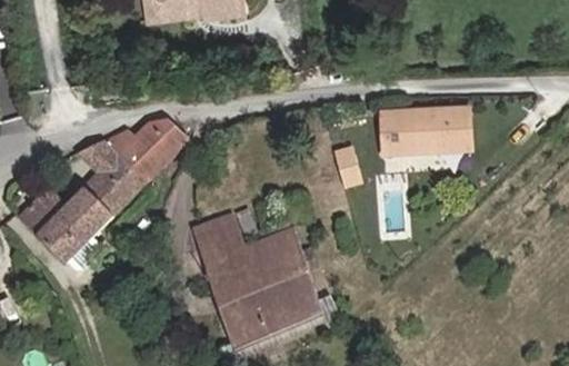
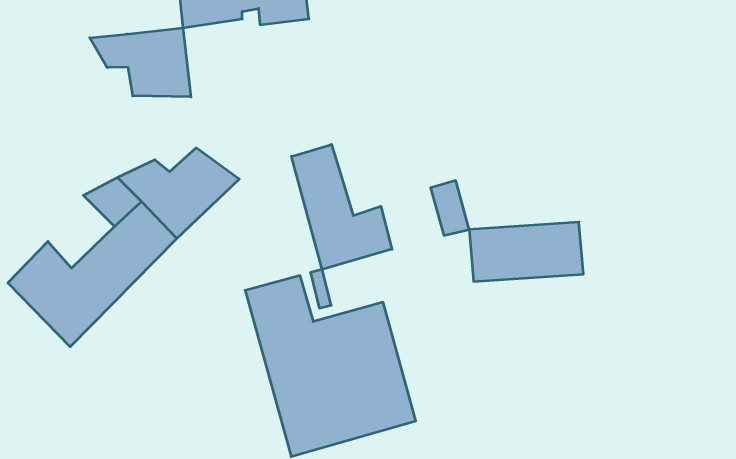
building: none -> [90,28,191,97]
building: [385,106,470,150] -> [469,222,583,281]
building: none -> [291,144,392,270]

